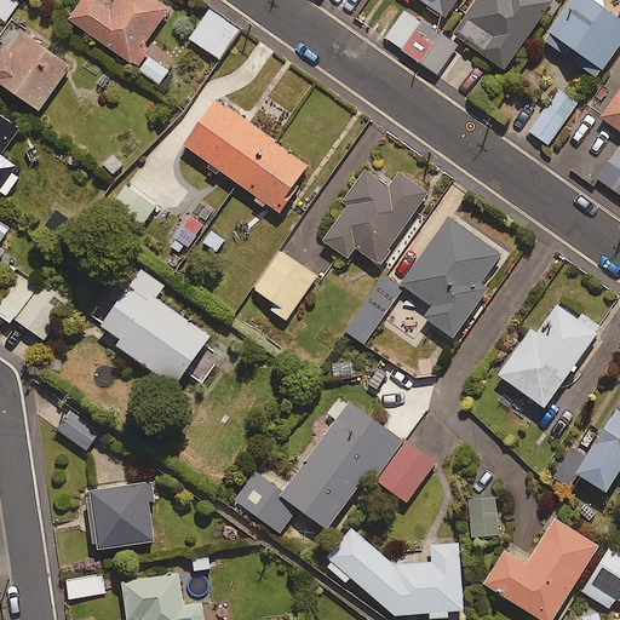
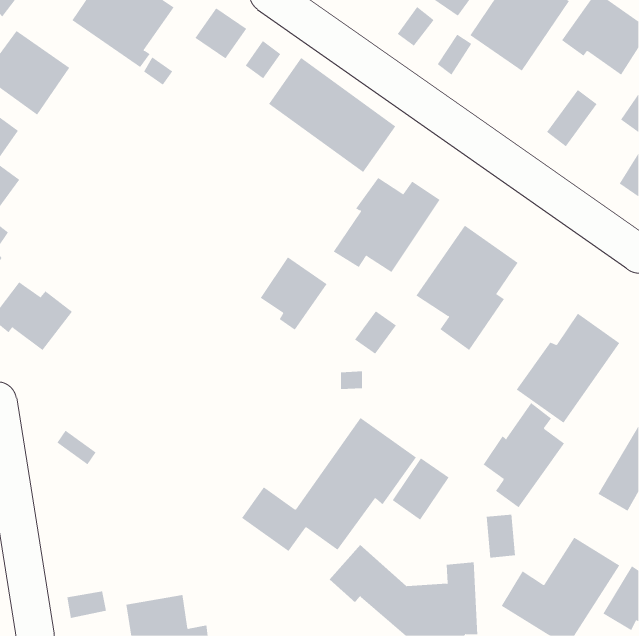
building: [184,99,308,211] -> [268,57,396,173]
building: [85,258,209,386] -> none
building: none -> [483,402,565,508]
building: [90,481,153,550] -> none

